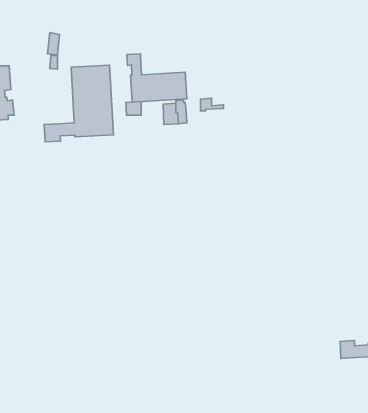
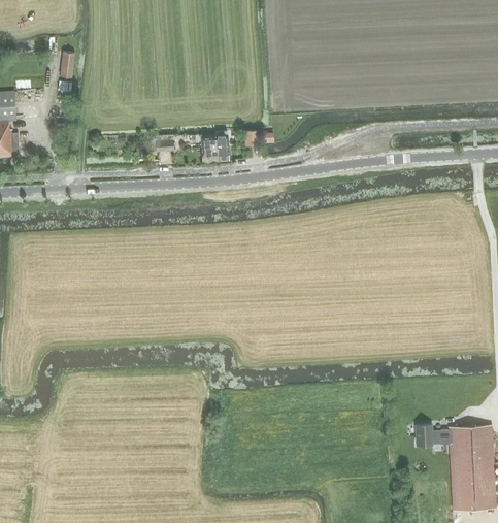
building: [127,54,187,102] -> none
building: [44,65,113,142] -> none

